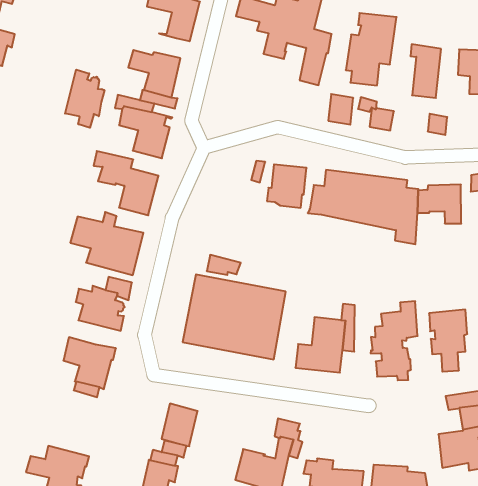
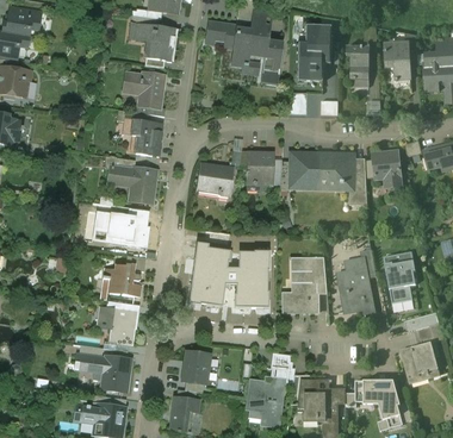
building: [65,70,104,128] -> none
building: none -> [199,163,231,198]
building: none -> [74,345,131,393]

